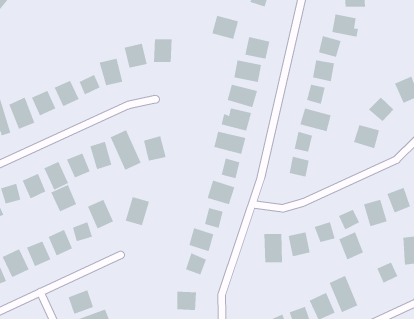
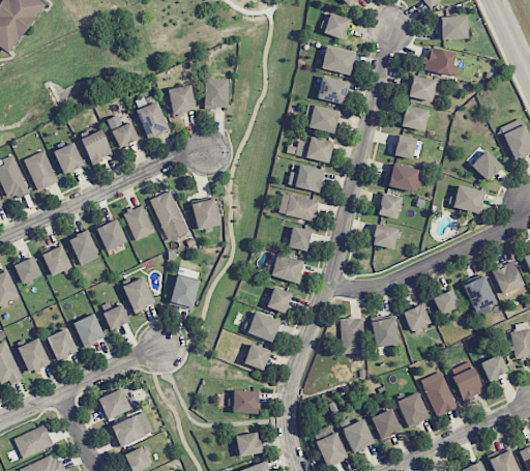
building: [211,15,239,40] -> [321,45,355,75]
building: [50,184,77,212] -> none
building: [339,232,364,260] -> [452,366,483,402]

